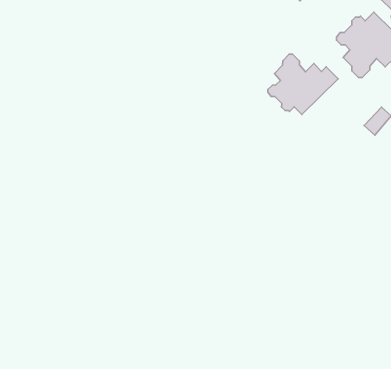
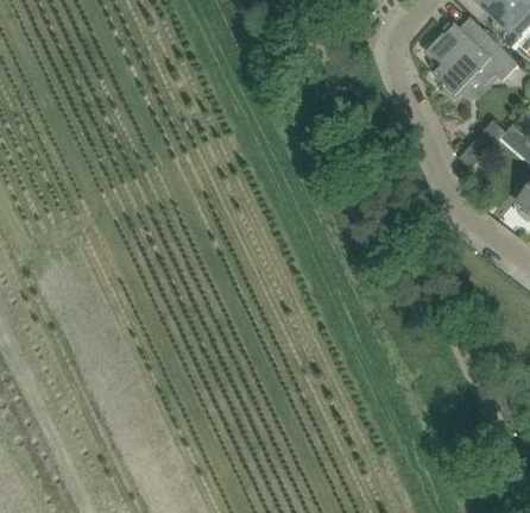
building: [268,54,338,115] -> none

